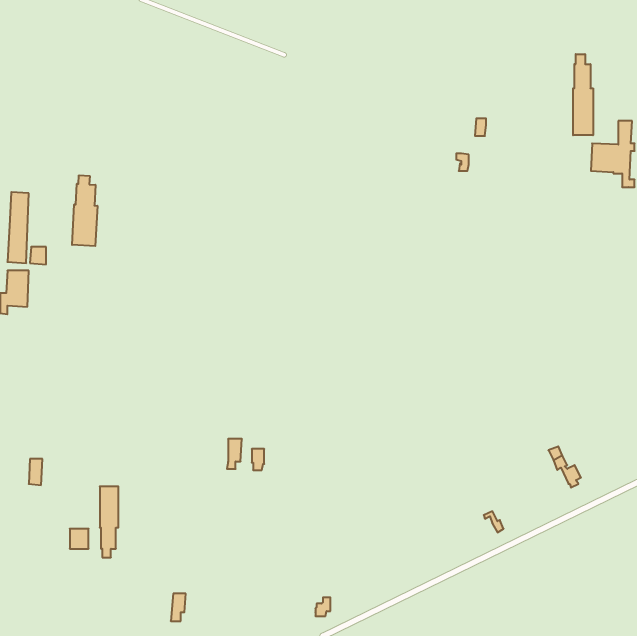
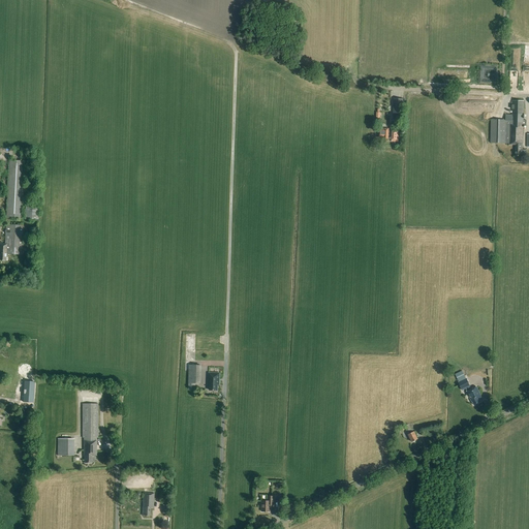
building: [573,54,593,135] -> none
building: [72,175,97,246] -> none

